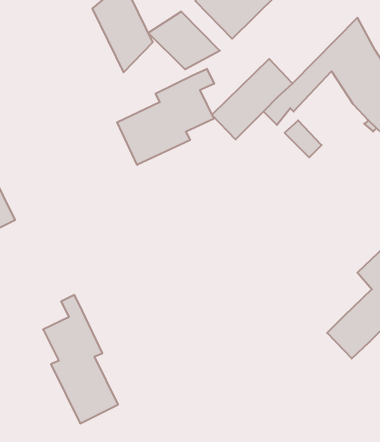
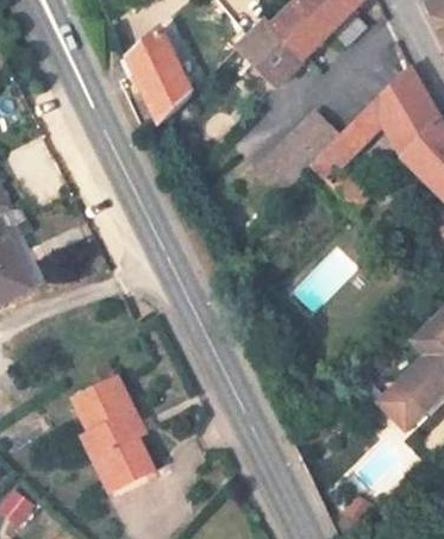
building: [148,11,220,69] -> none
building: [117,69,214,165] -> none

